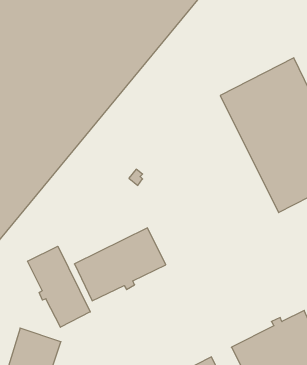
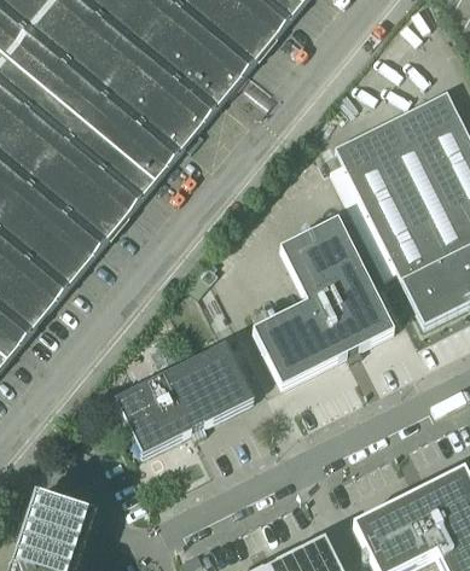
building: none -> [254,220,390,384]
building: [28,246,90,327] -> none

